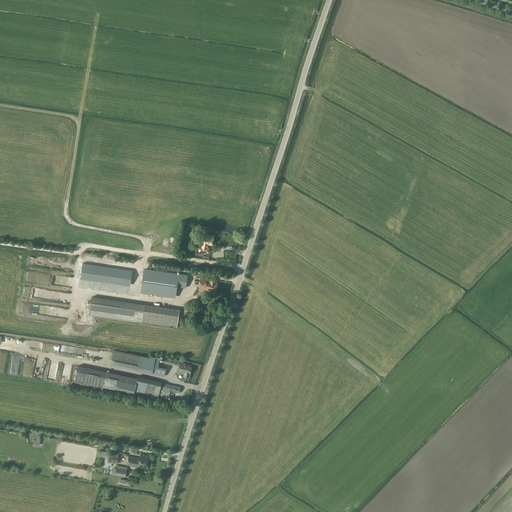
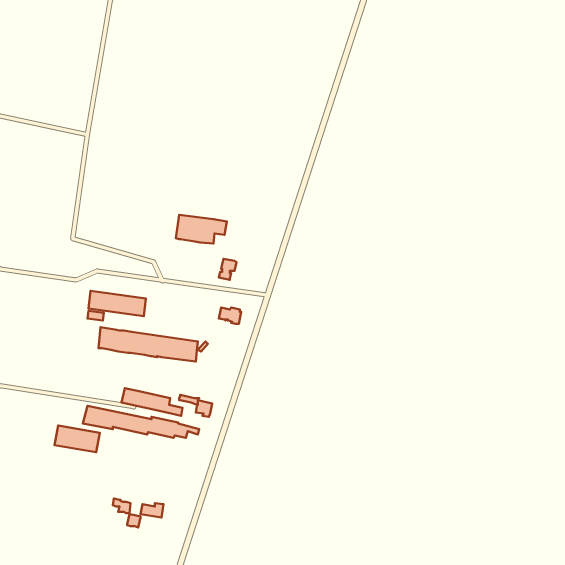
building: [141,270,187,296] -> [176,215,227,244]
building: none -> [55,426,100,452]

